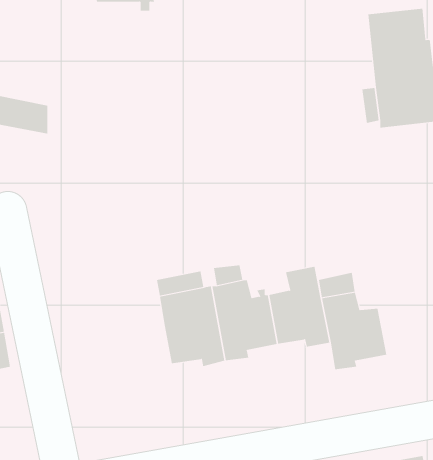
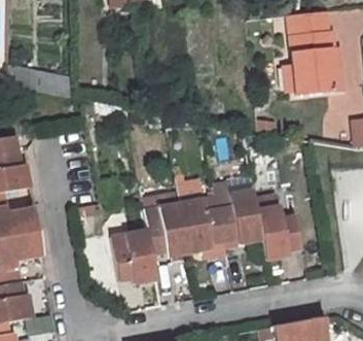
building: none -> [111,229,156,283]

